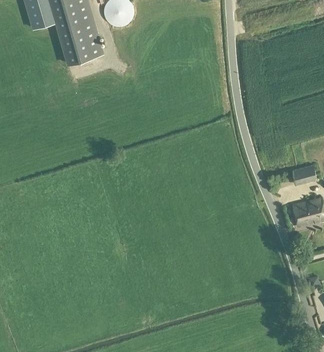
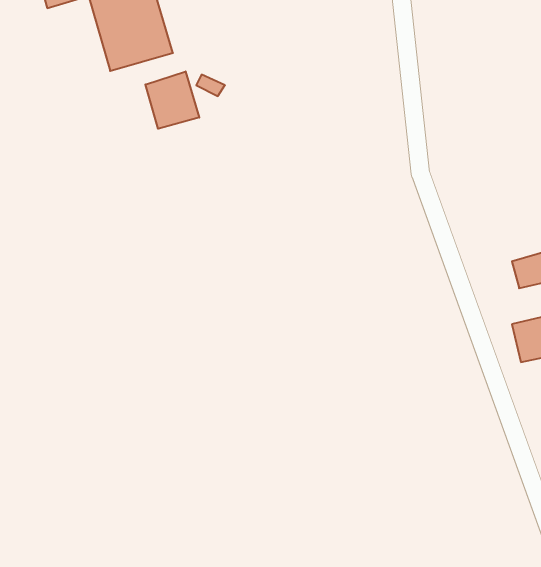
building: none -> [145,71,199,129]

